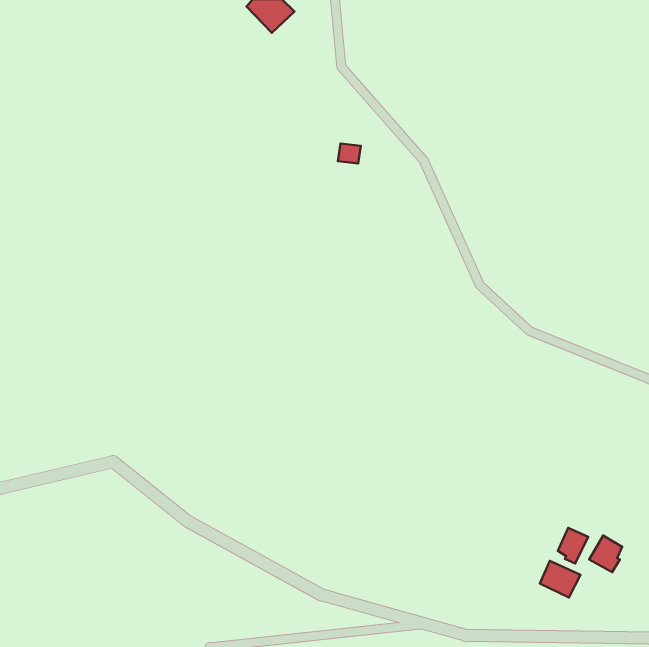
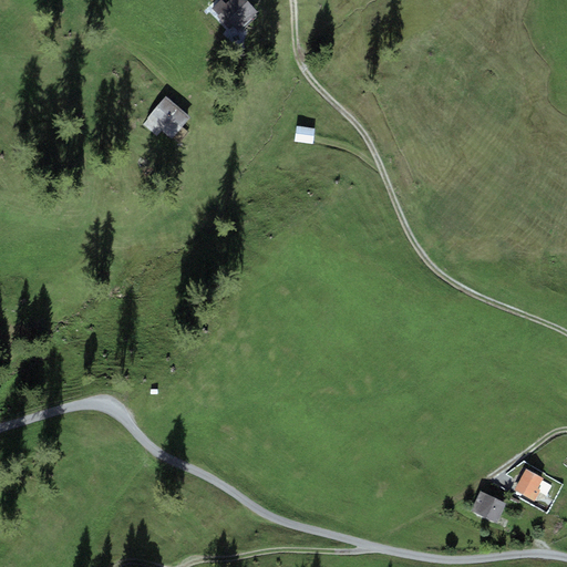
building: none -> [143,95,189,137]
building: [558,528,588,564] -> none

